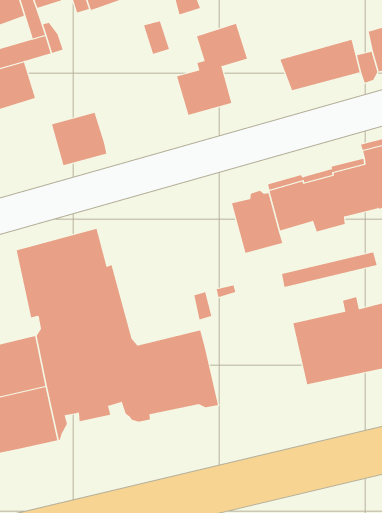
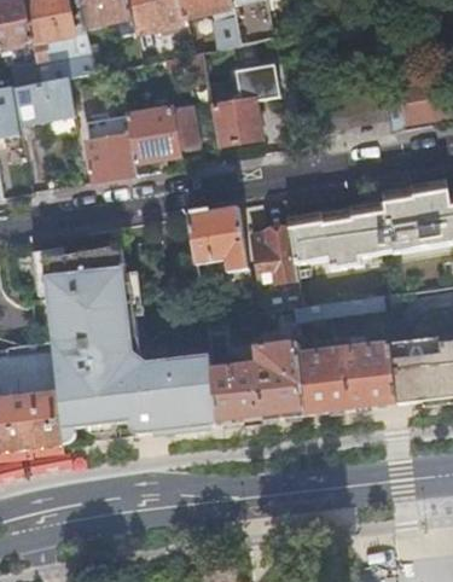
building: none -> [127,103,201,163]
building: none -> [188,204,249,289]
building: none -> [213,337,306,425]

